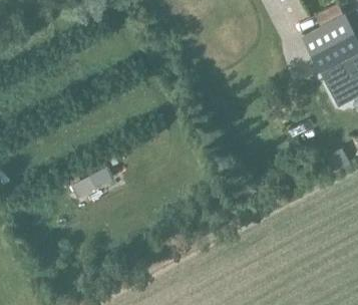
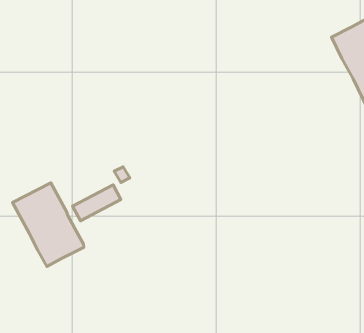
building: none -> [12,183,84,266]

